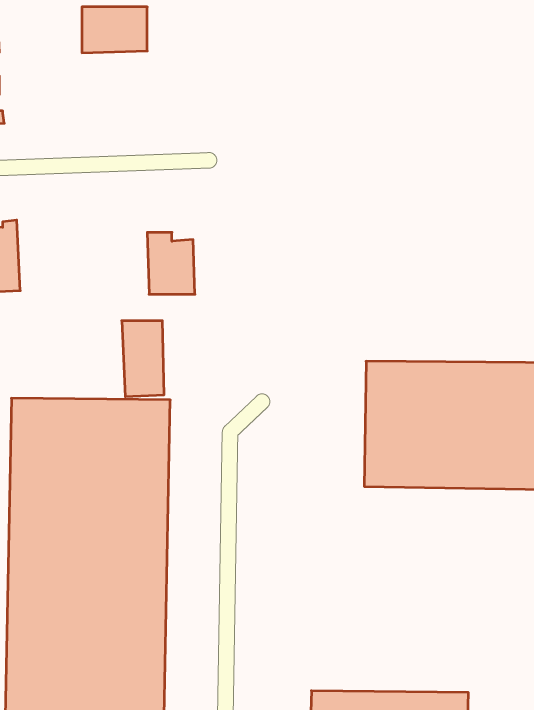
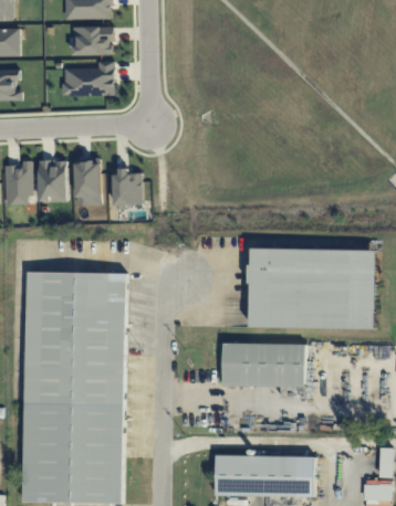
building: none -> [62,61,114,96]
building: none -> [39,160,67,202]
building: [122,321,164,397] -> [74,158,101,205]
building: none -> [221,342,305,388]

